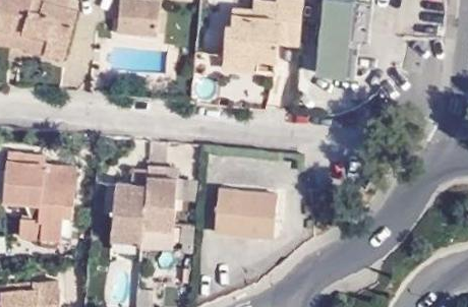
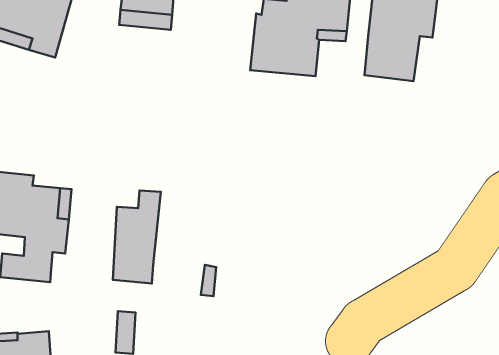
building: [142,166,193,230] -> none
building: [213,189,277,240] -> none

